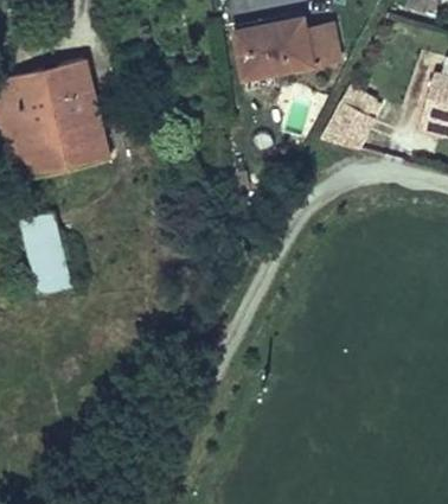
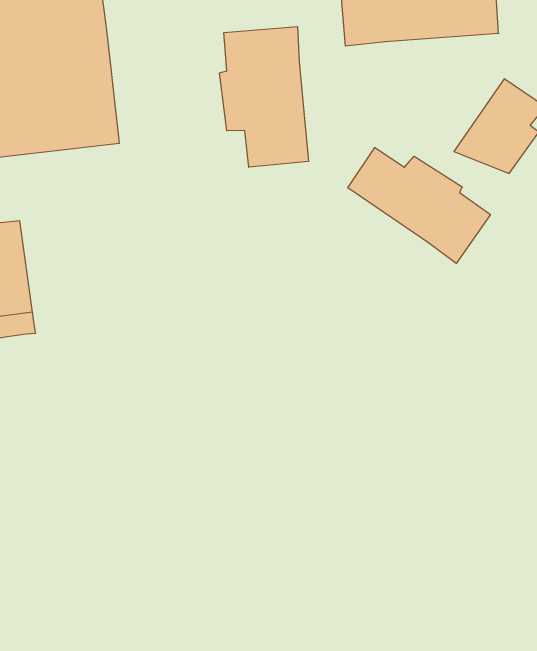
building: none -> [219,27,309,167]
building: none -> [348,148,490,263]

